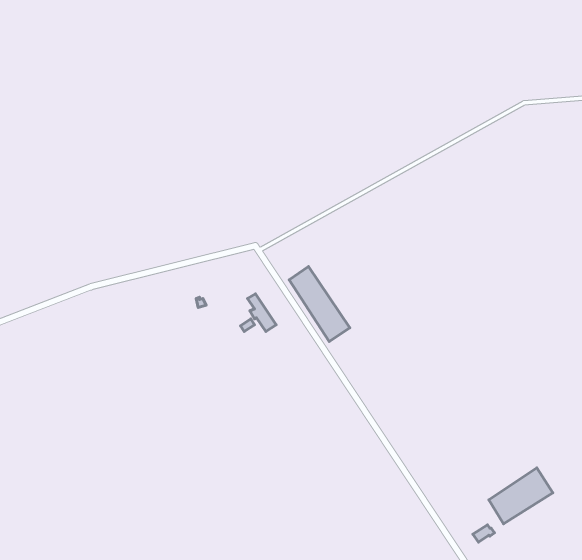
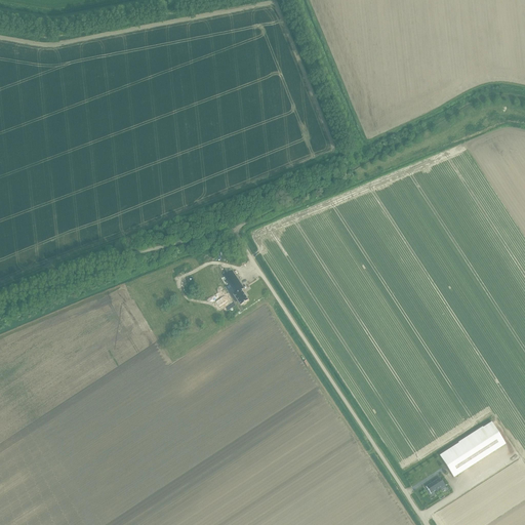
building: [289,267,350,342] -> none

